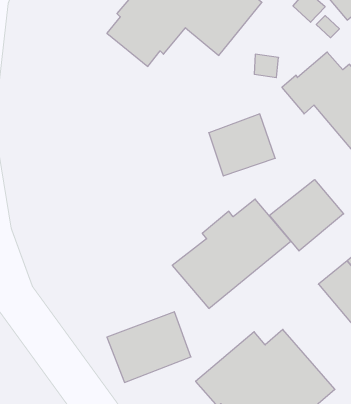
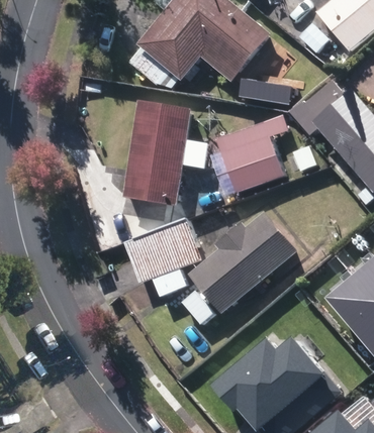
building: none -> [122,104,208,208]
building: [270,180,344,251] -> none
building: [107,312,191,382] -> [124,220,201,285]

